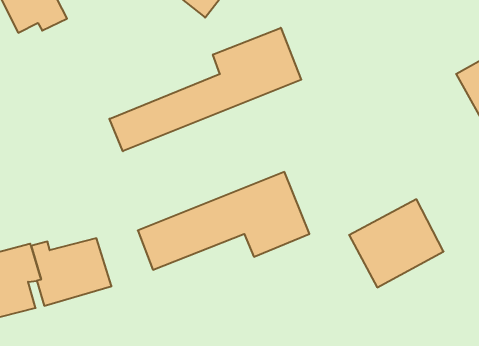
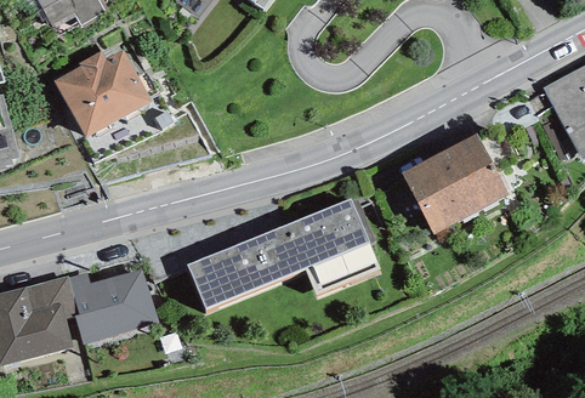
building: [109,28,301,151] -> none
building: none -> [52,62,150,152]
building: [349,199,444,287] -> [402,129,507,227]

